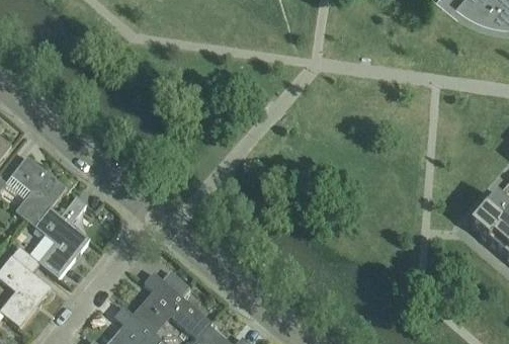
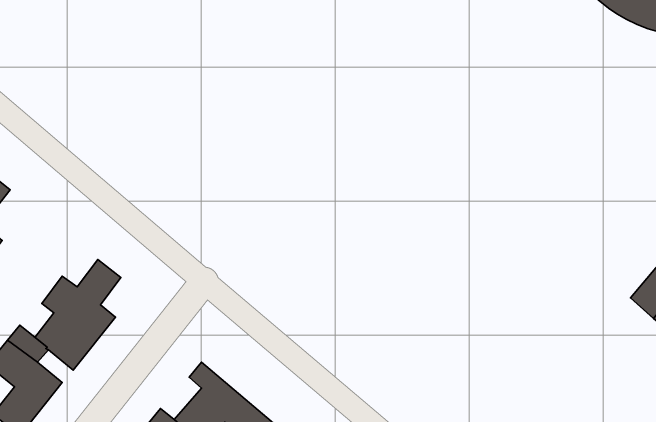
building: [10,157,66,230] -> none

